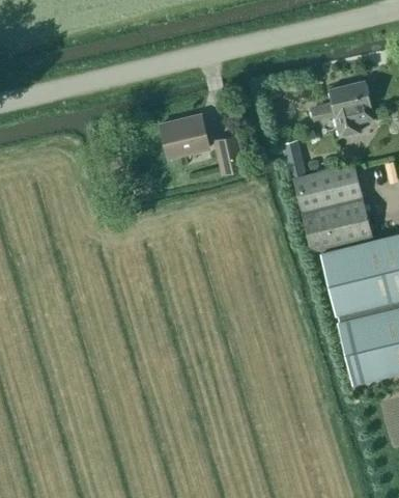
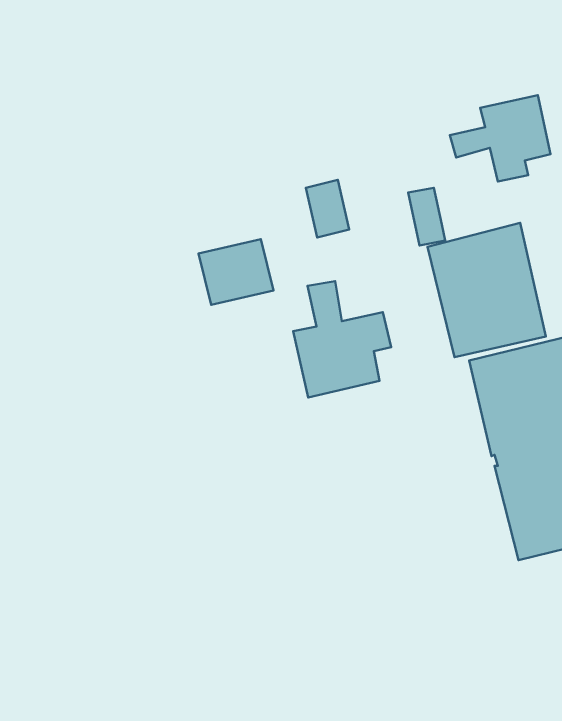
building: [160,115,208,158] -> [199,239,274,305]
building: none -> [293,281,391,398]

